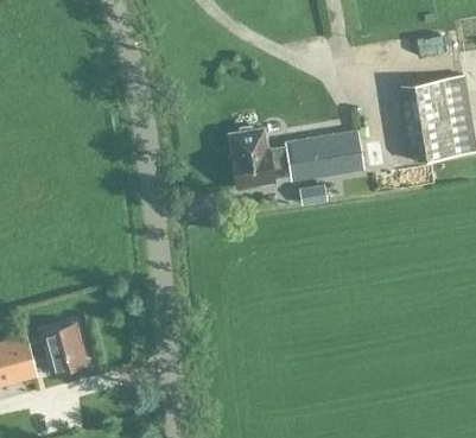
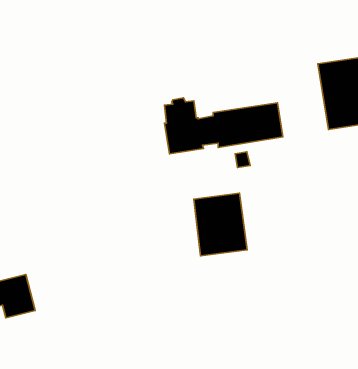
building: none -> [194,193,247,256]

